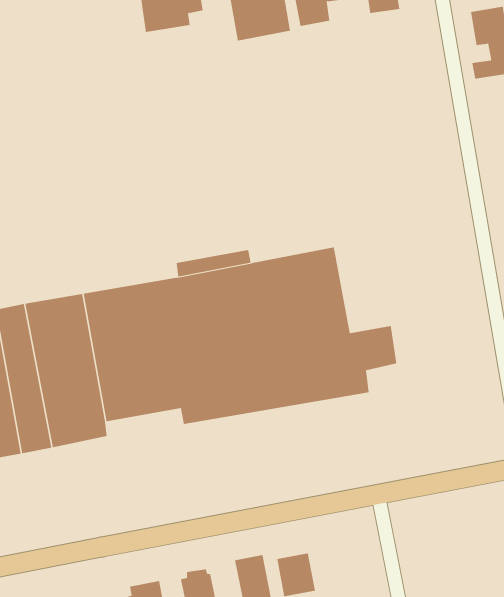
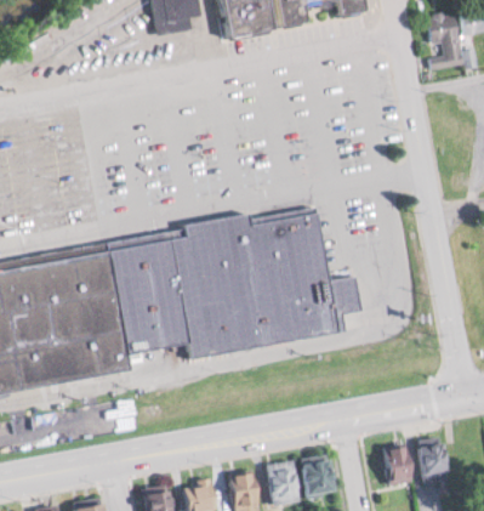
building: none -> [417,439,448,478]
building: none -> [383,442,412,483]
building: none -> [297,459,330,495]

